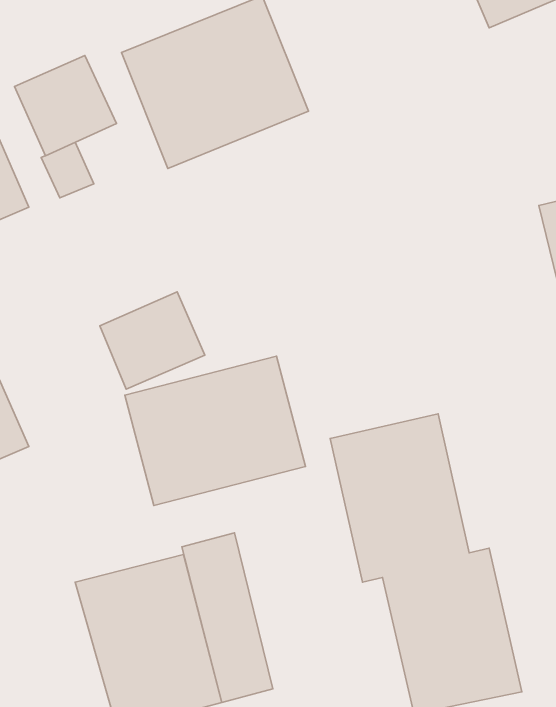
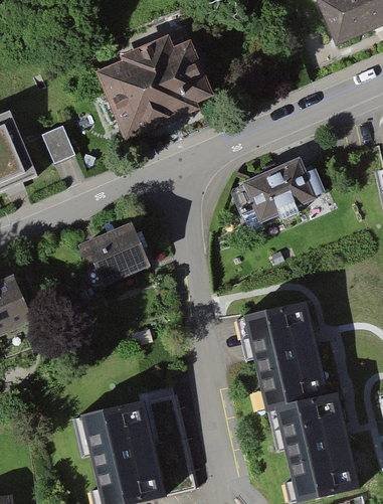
building: [14,55,117,156] -> none
building: none -> [233,156,311,224]
building: [125,356,305,505] -> none

